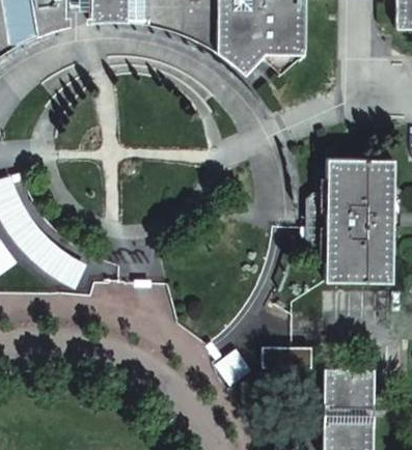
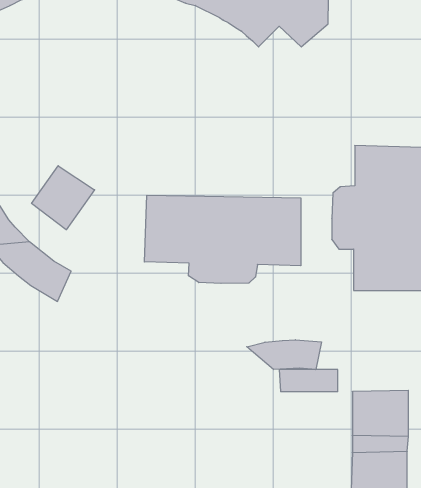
building: none -> [32,166,95,230]
building: none -> [144,195,301,283]
building: none -> [247,340,321,370]

